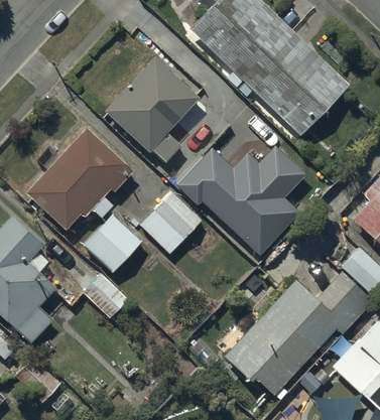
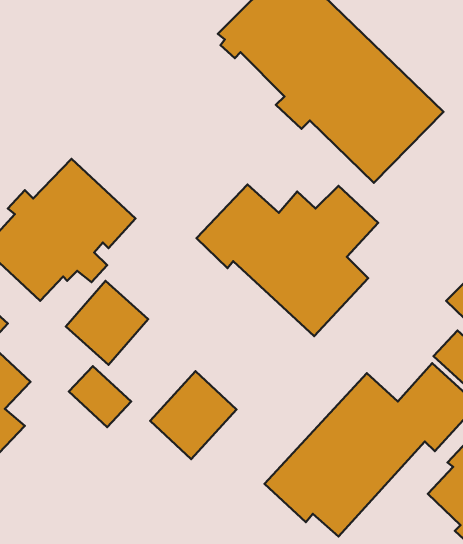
building: [107,64,201,172] -> none
building: [141,191,203,254] -> [150,371,237,459]

